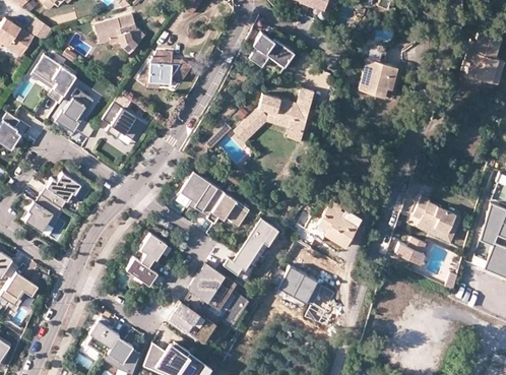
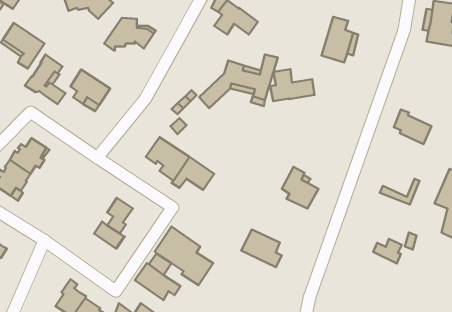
building: none -> [270,69,314,101]
building: [417,197,455,233] -> [394,109,432,144]
building: [224,218,279,274] -> none
building: [396,239,426,264] -> [373,239,402,264]

